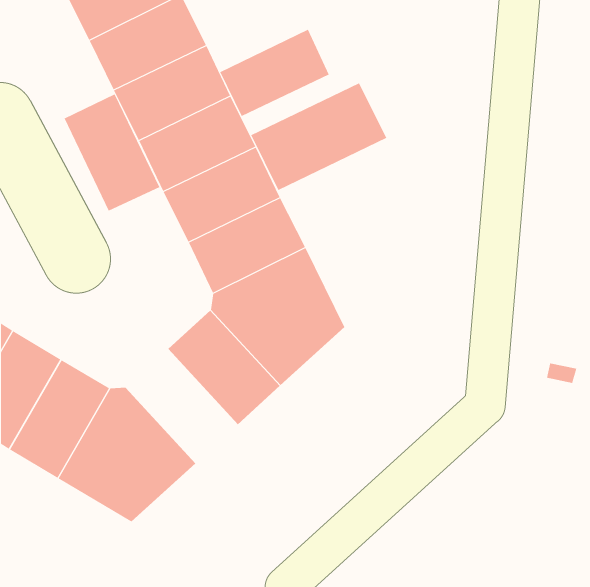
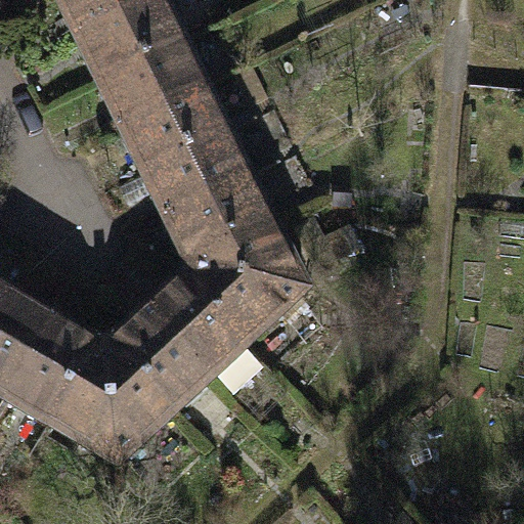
building: [219,29,330,117] -> none
building: [250,82,387,191] -> none
building: [64,93,160,212] -> none
building: none -> [112,309,211,410]

